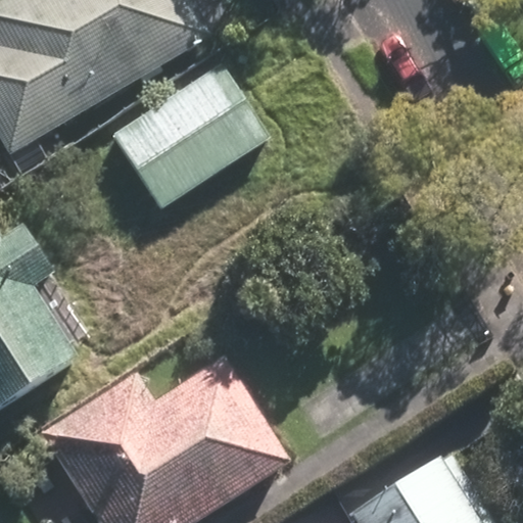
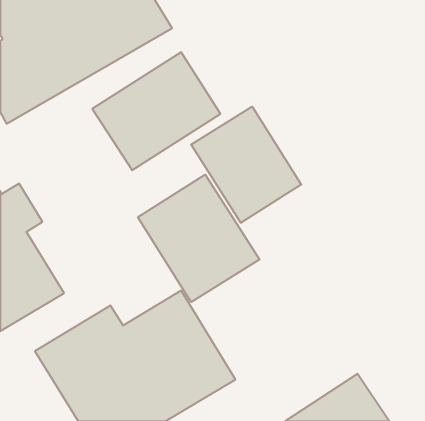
building: none -> [191,107,301,223]
building: none -> [138,175,259,302]

